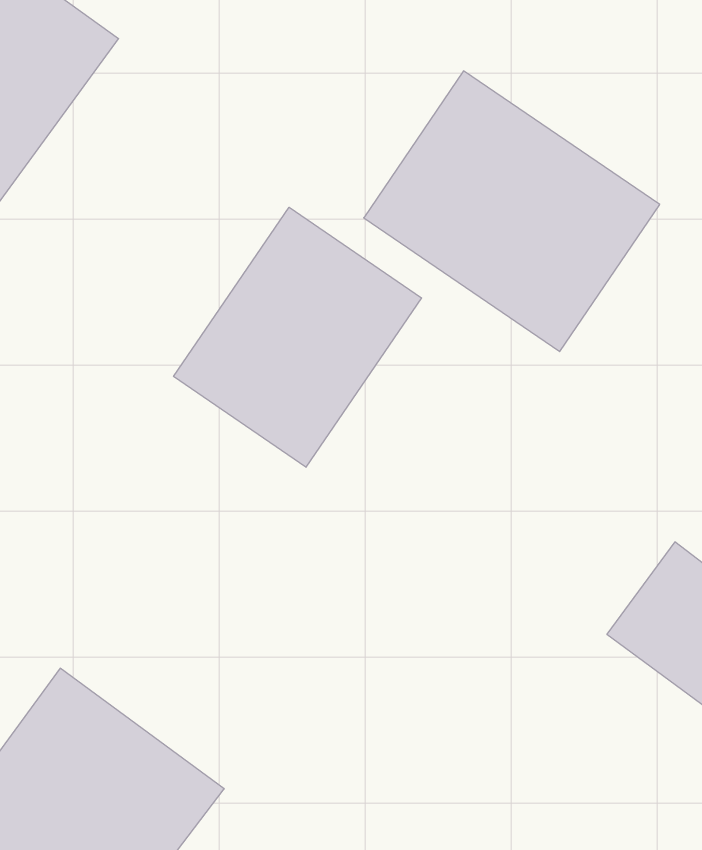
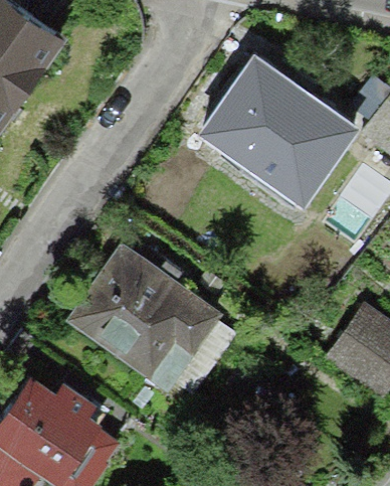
building: [174,207,422,467] -> none
building: none -> [63,247,227,402]

